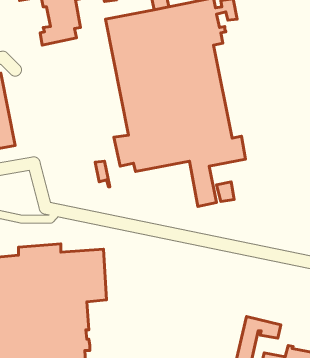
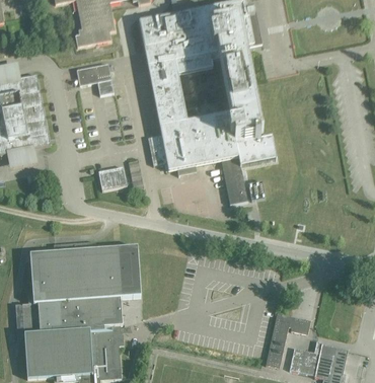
building: none -> [76,63,114,94]
building: none -> [98,166,127,190]

